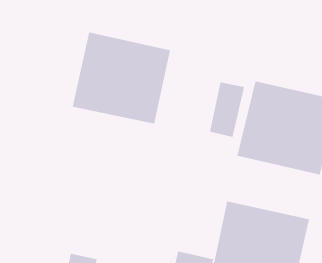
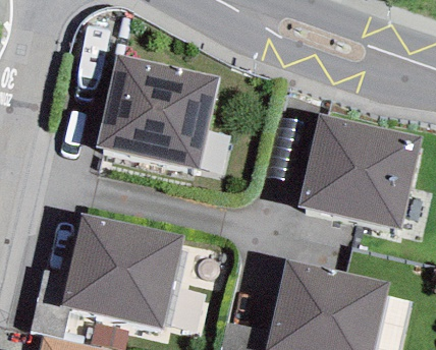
building: none -> [61,214,183,328]

